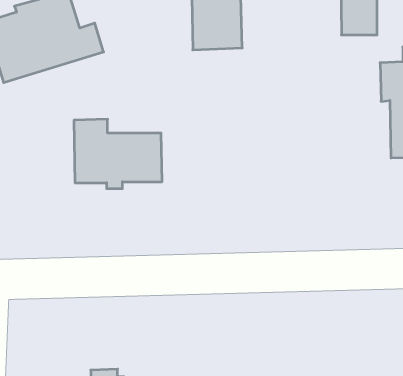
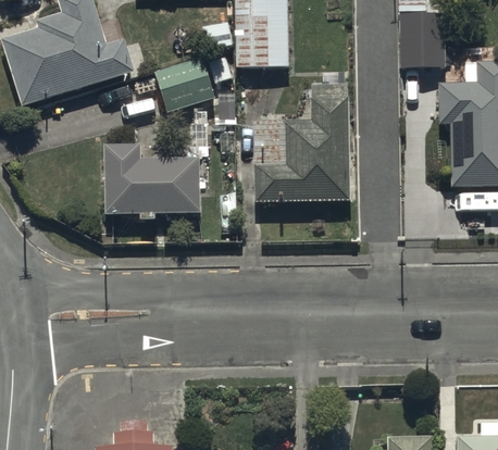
building: none -> [154,58,231,114]
building: none -> [254,84,351,200]

